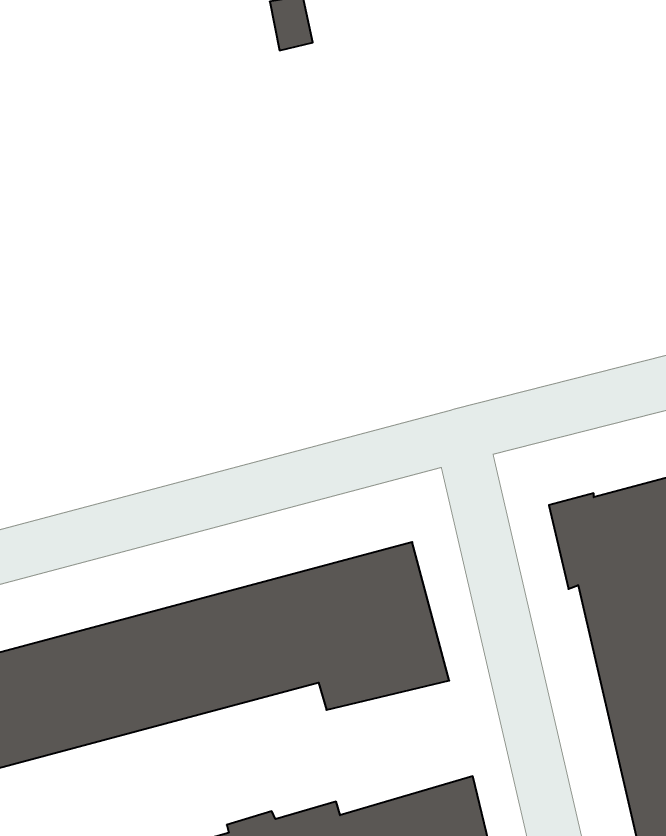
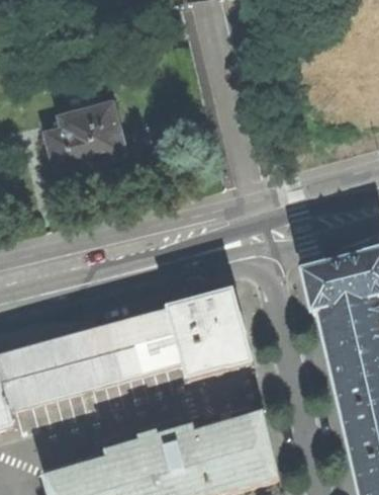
building: none -> [48,104,123,176]

